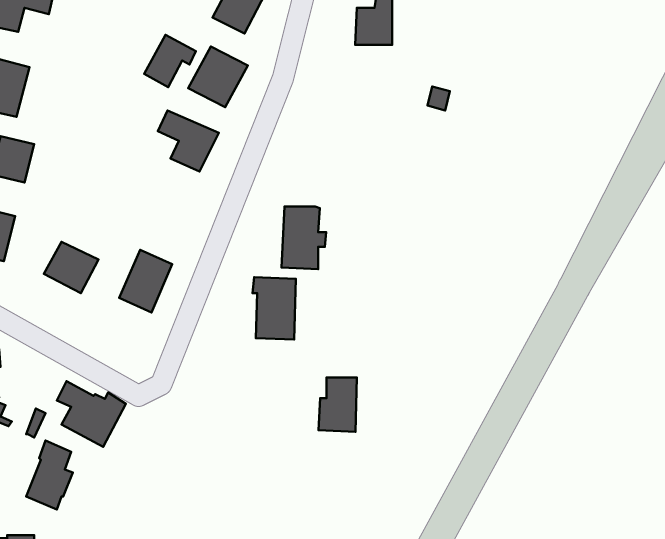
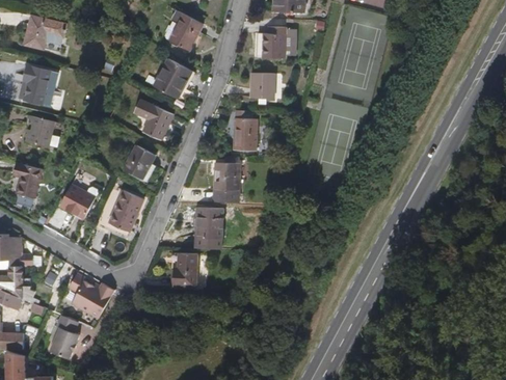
building: [144,35,196,87] -> none
building: none -> [249,73,275,99]
building: none -> [234,110,257,150]
building: none -> [125,144,156,179]
building: [318,377,357,432] -> [172,252,197,288]

